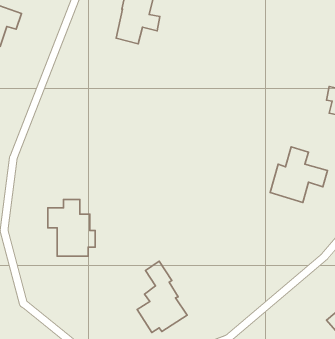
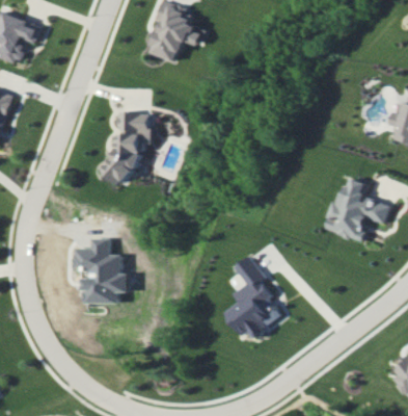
building: none -> [102,111,152,180]
building: [137,261,187,332] -> [225,256,282,337]

